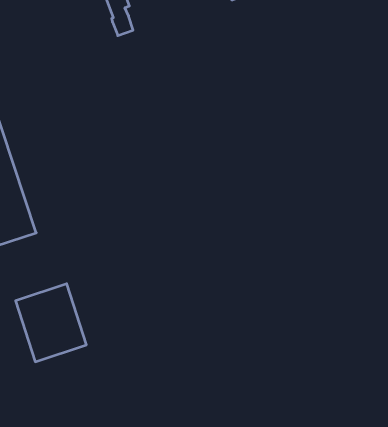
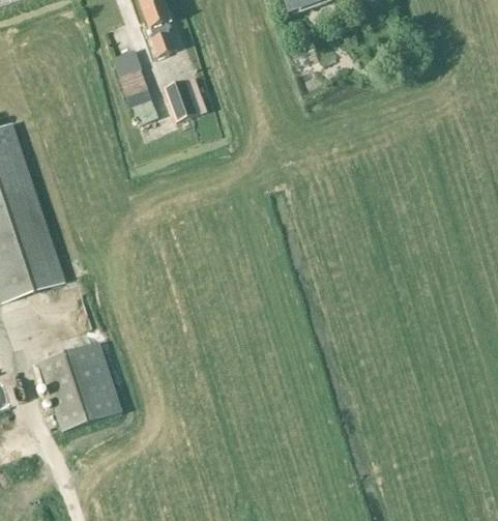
building: none -> [113,49,152,107]
building: none -> [167,80,196,119]

